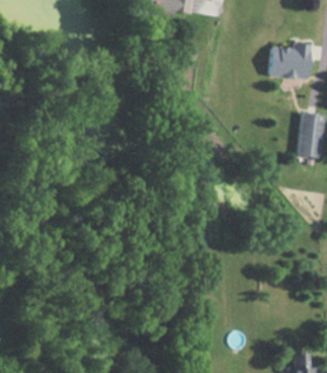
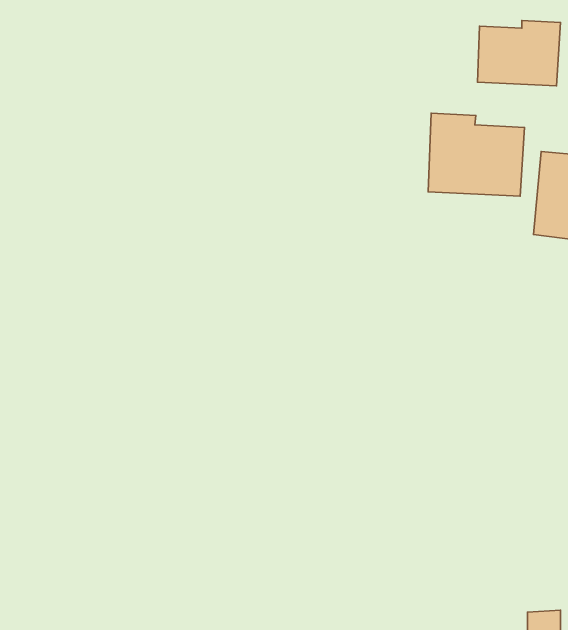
building: none -> [428,113,524,196]

